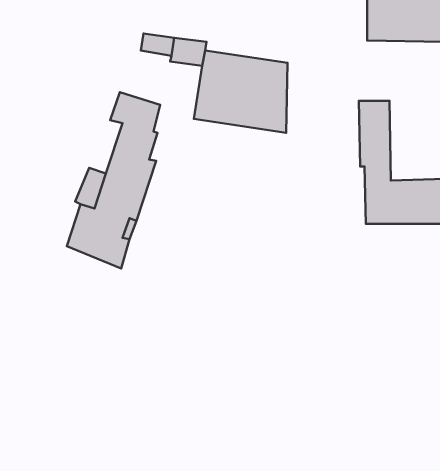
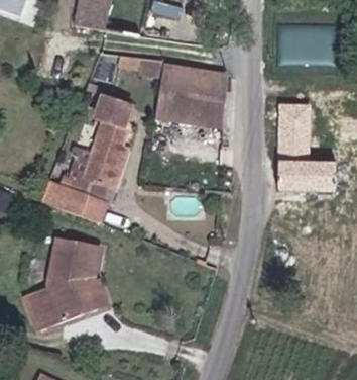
building: none -> [24,238,109,330]

